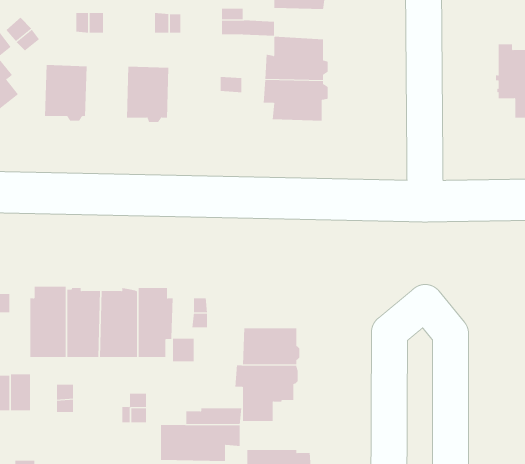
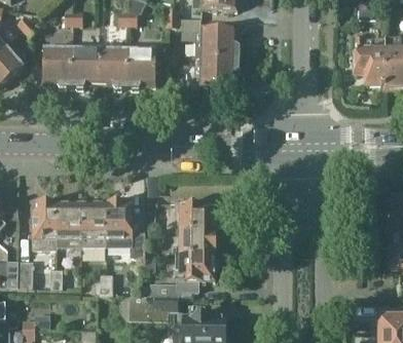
building: none -> [71,48,100,87]
building: none -> [127,49,156,88]
building: none -> [175,202,219,229]

